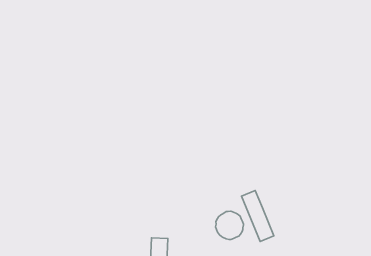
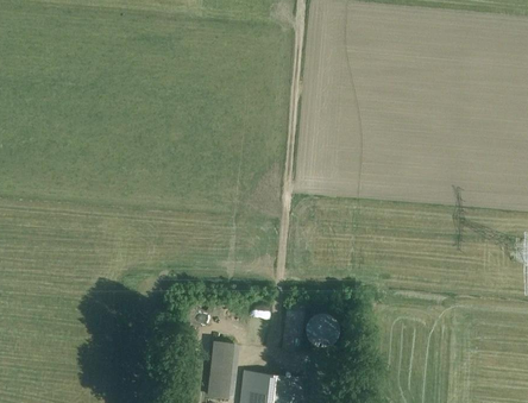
building: [242,191,274,241] -> none

